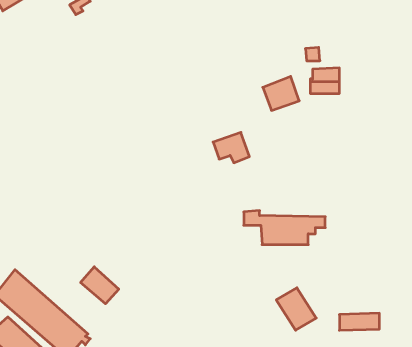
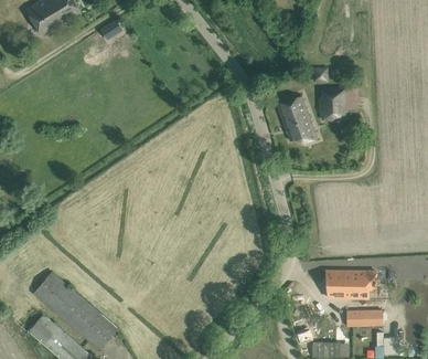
building: [213,132,249,163] -> [283,117,317,145]
building: [244,211,325,245] -> [310,266,384,297]
building: [81,267,119,304] -> none

